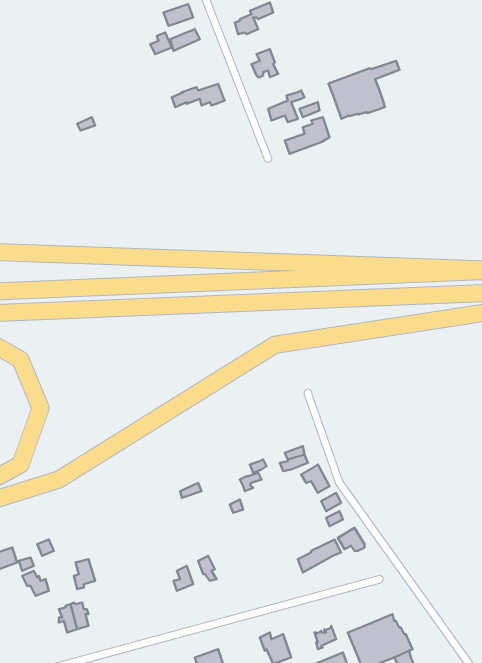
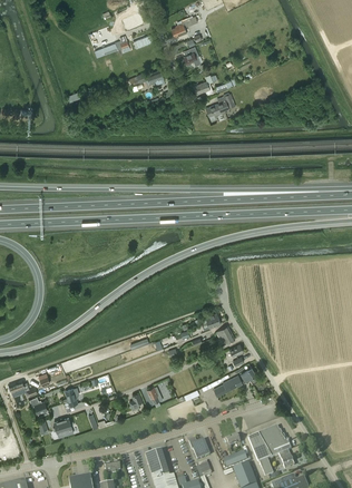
building: [329,61,399,119] -> none

